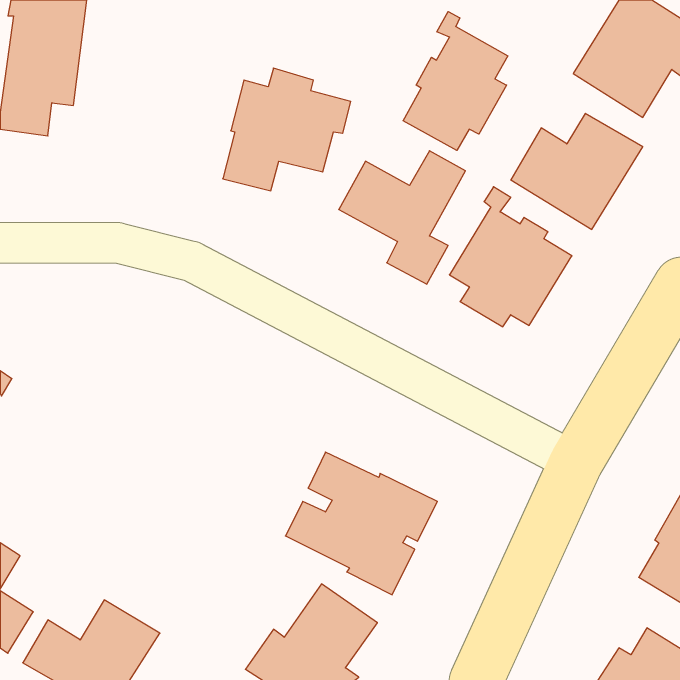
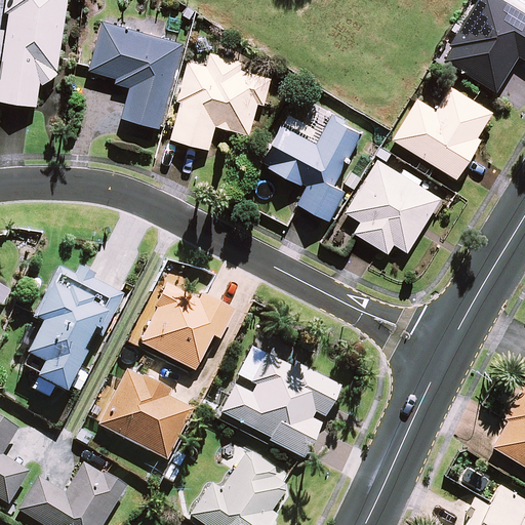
building: [403,12,508,150] -> none
building: none -> [89,22,184,127]
building: none -> [18,265,121,398]
building: none -> [139,284,232,370]
building: none -> [86,370,190,459]

